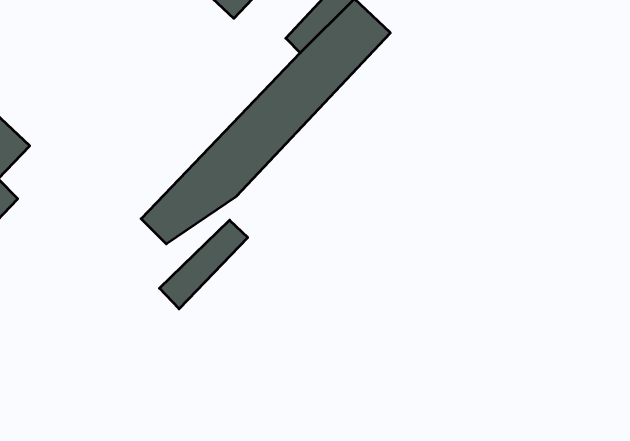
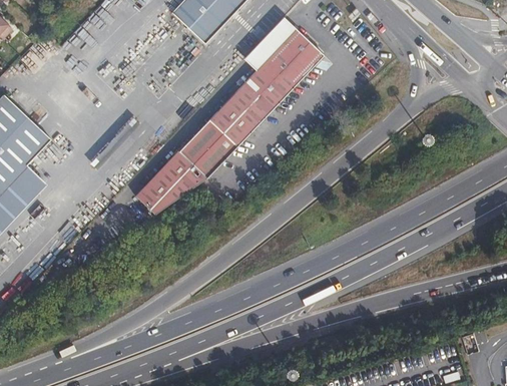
building: [159,220,248,309] -> none

